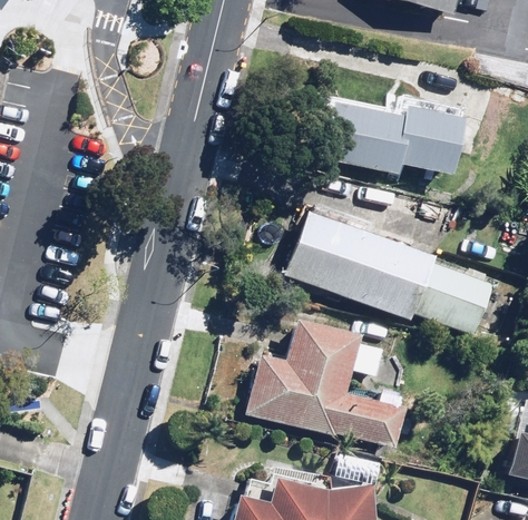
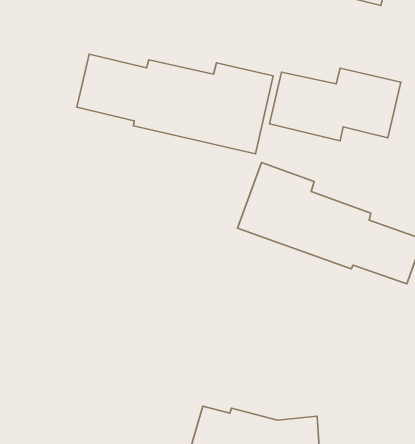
building: none -> [77,54,273,154]
building: [246,322,409,448] -> none

